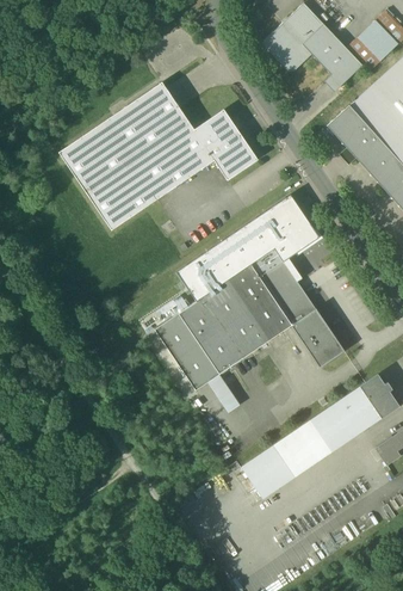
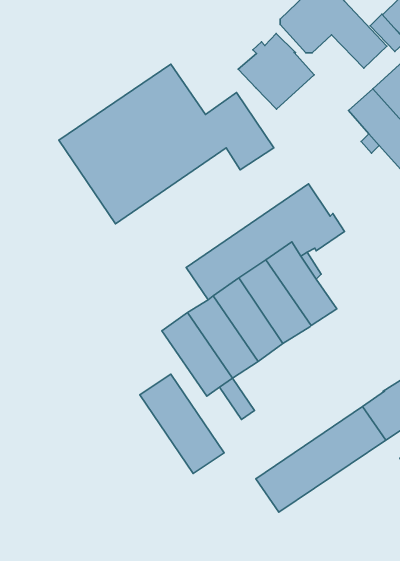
building: none -> [238,33,314,109]
building: [292,308,346,368] -> none
building: none -> [140,374,224,473]

